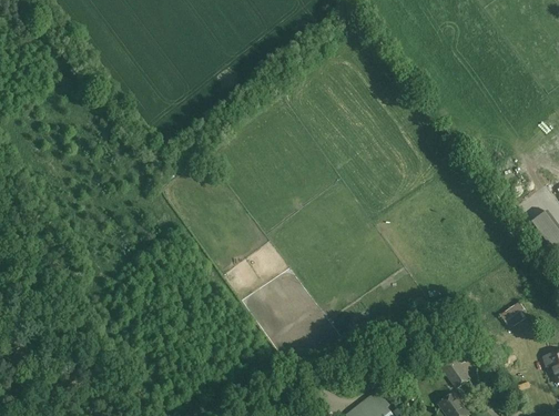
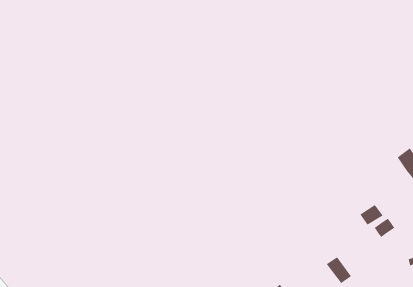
building: none -> [360,204,383,226]

